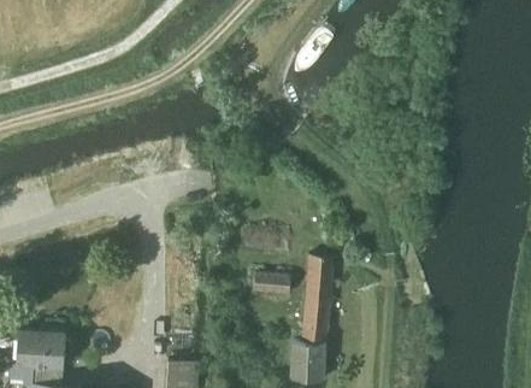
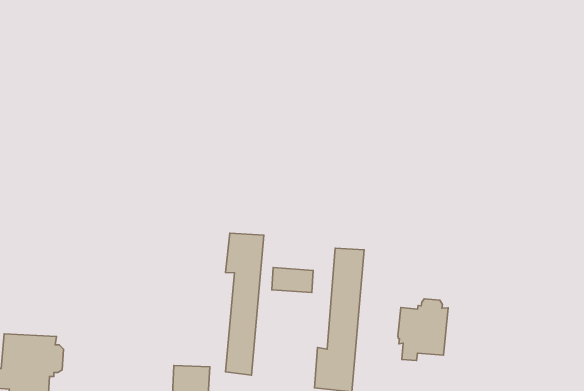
building: none -> [225,233,264,375]
building: none -> [398,299,448,361]

